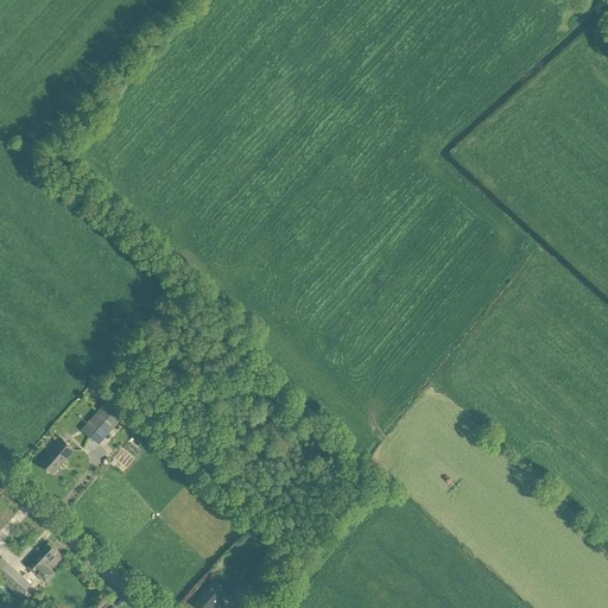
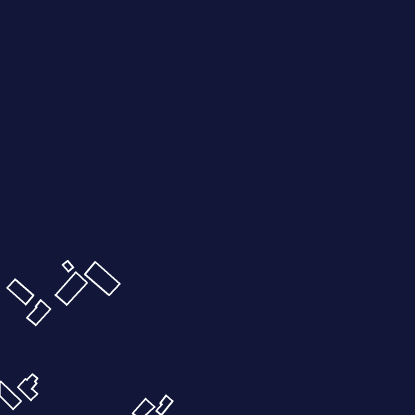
building: none -> [85,262,120,295]
building: none -> [7,279,33,305]

